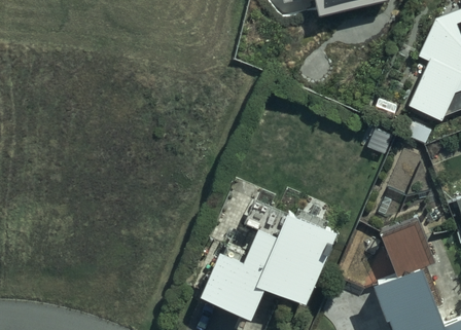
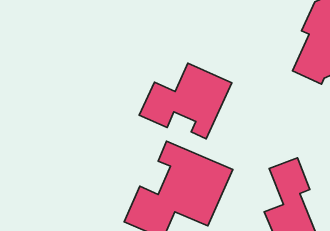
building: none -> [139,63,232,139]

